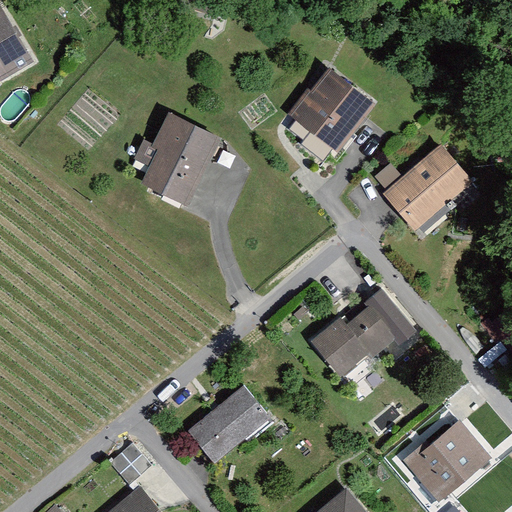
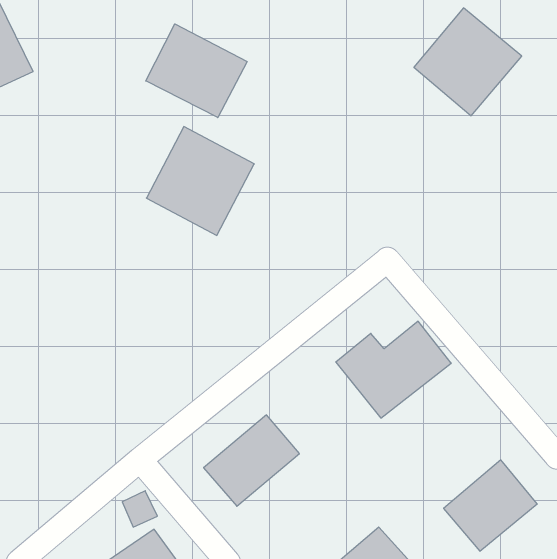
building: none -> [146,24,247,118]
building: [282,69,380,167] -> [414,8,522,116]
building: [377,136,475,231] -> none

